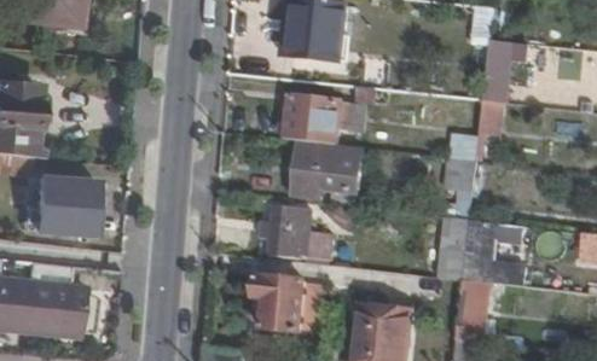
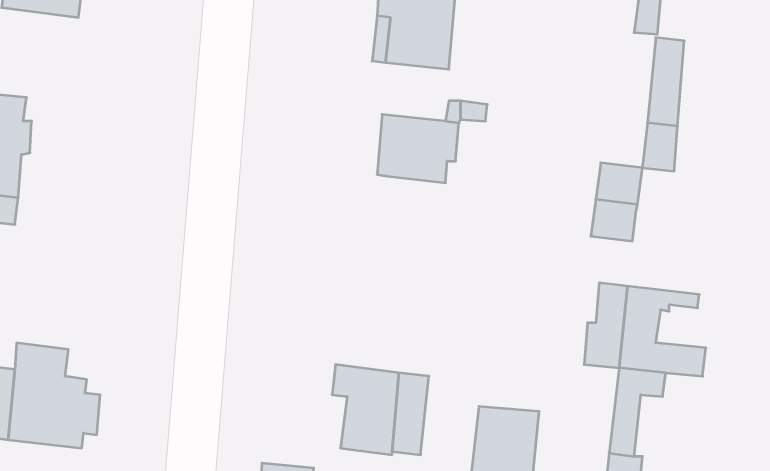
building: [291,140,361,196] -> none
building: [34,175,91,235] -> none
building: [262,204,308,255] -> none

